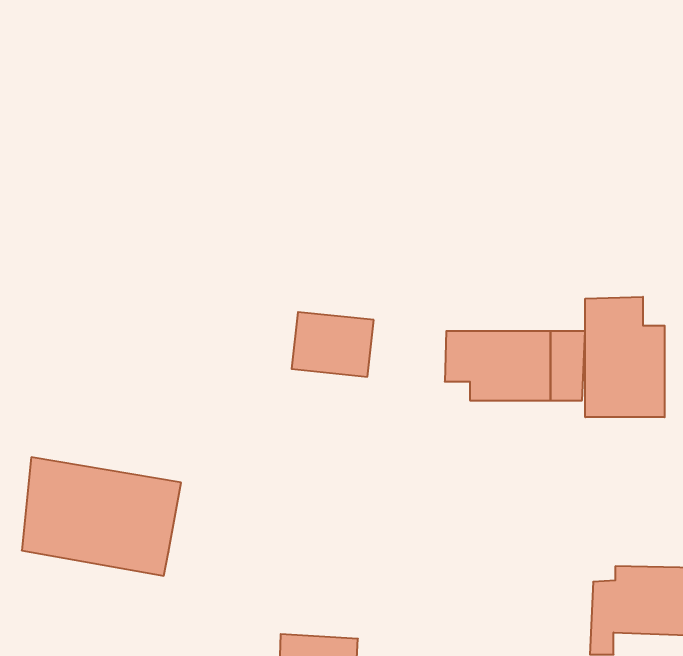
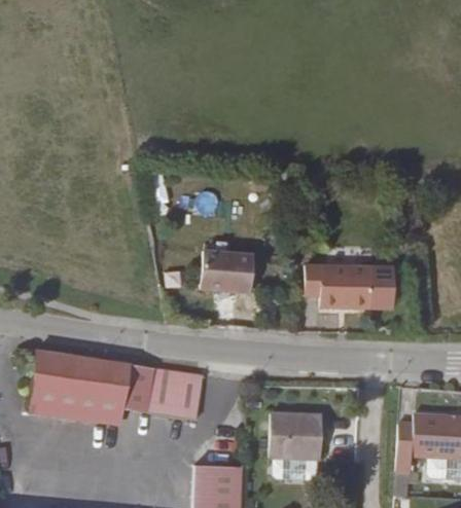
building: [585,297,665,417] -> none
building: none -> [121,362,202,420]
building: none -> [271,414,325,464]

